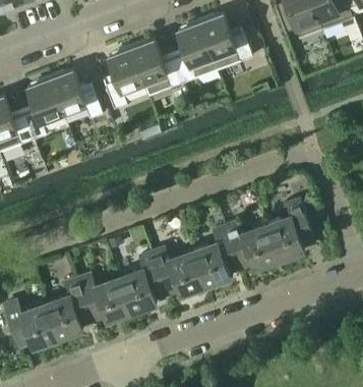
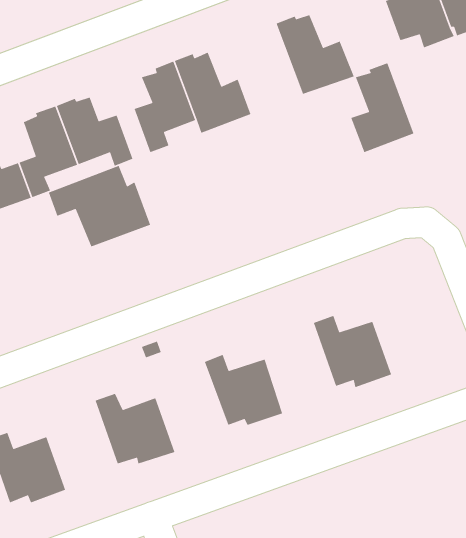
building: [174,21,218,84] -> [350,62,415,153]
building: none -> [48,165,151,247]
building: [265,199,315,261] -> none
building: [192,225,240,287] -> none
building: [118,252,167,314] -> none
building: [44,278,92,339] -> none

